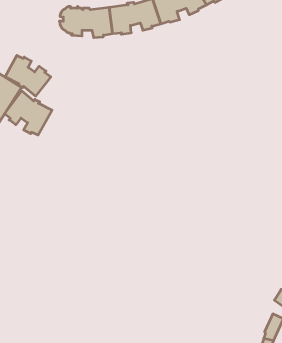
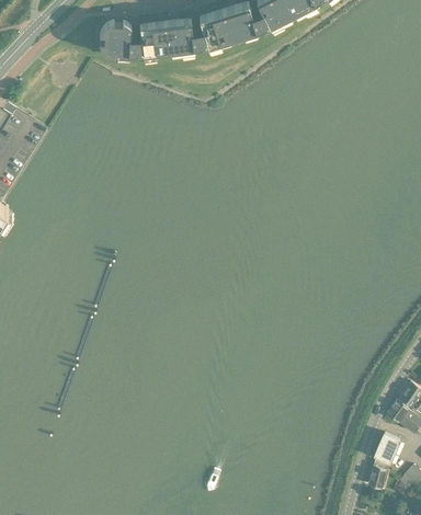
building: [5,55,51,96] -> none
building: [4,91,52,135] -> none

